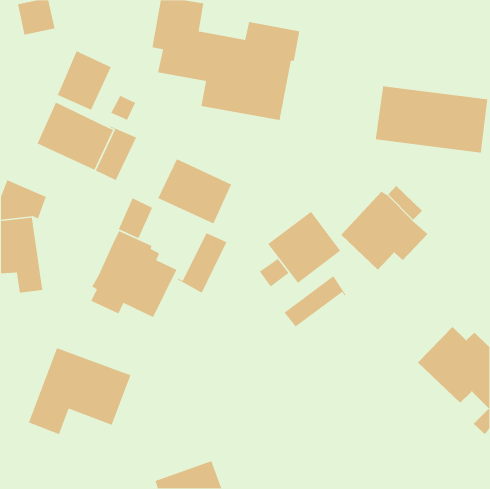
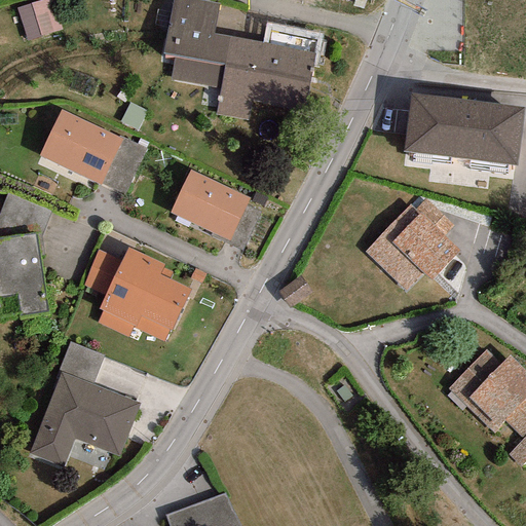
building: [57,50,112,111] -> none
building: [118,197,153,239] -> [82,250,120,295]
building: [267,211,341,284] -> none
building: [177,232,227,294] -> none
building: [284,275,346,327] -> none
building: none -> [58,341,104,383]

